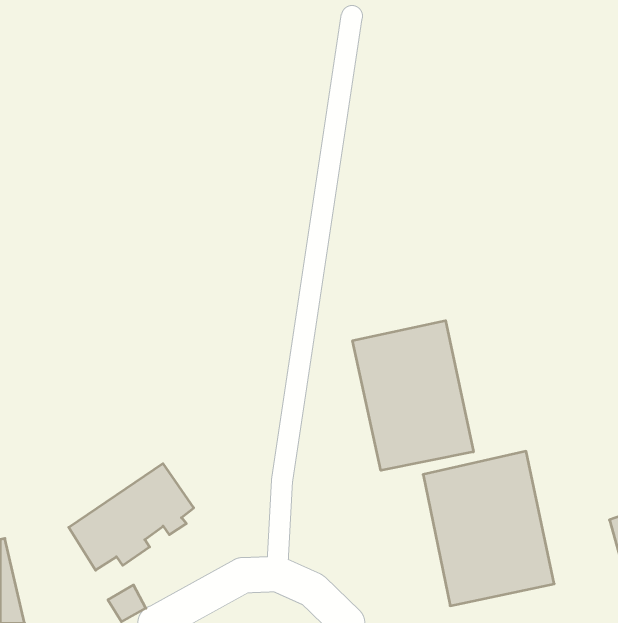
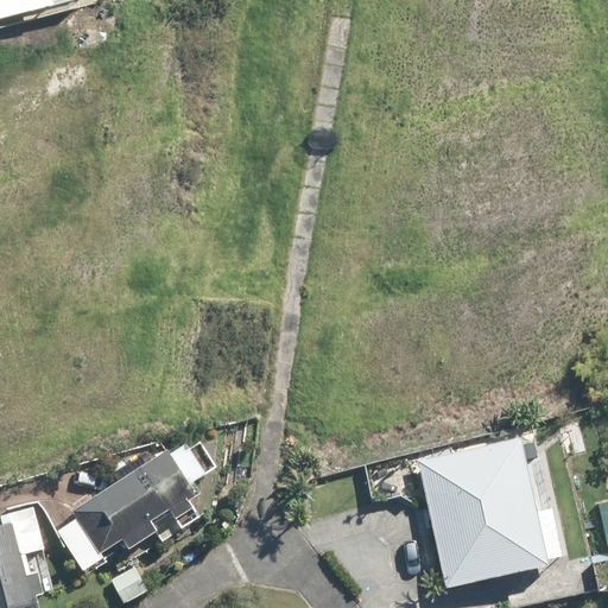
building: [353,321,473,470] -> none

